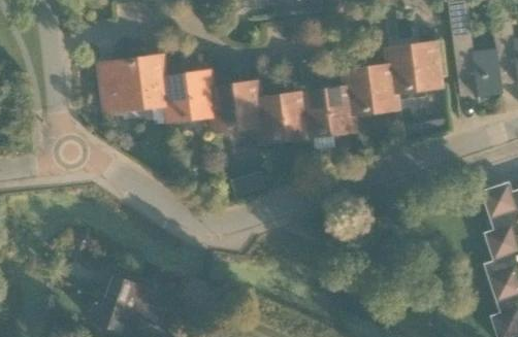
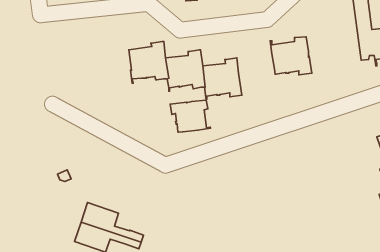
building: [389,40,442,90] -> none
building: [101,54,169,112] -> none
building: [303,85,355,137] -> none
building: none -> [170,100,211,132]

